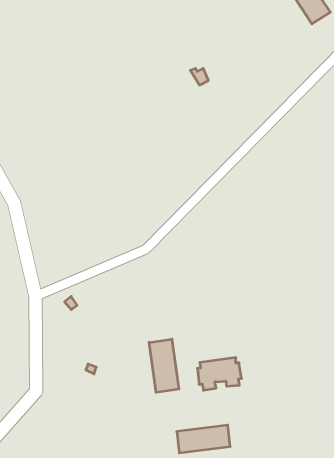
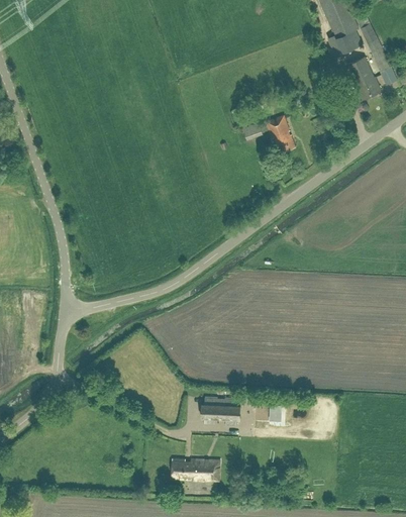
building: none -> [265,114,295,153]
building: [149,339,179,392] -> none

